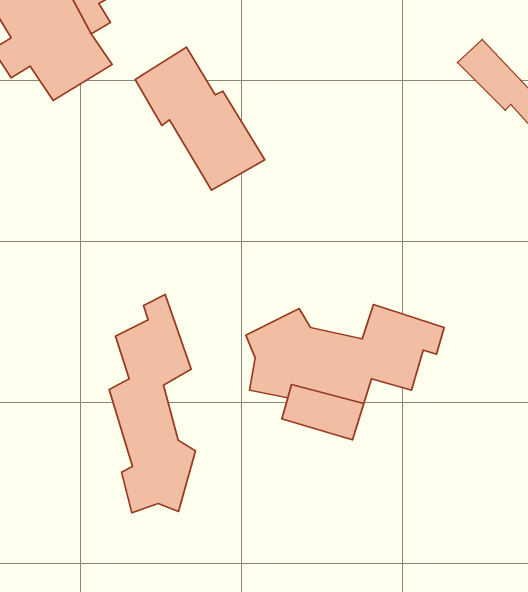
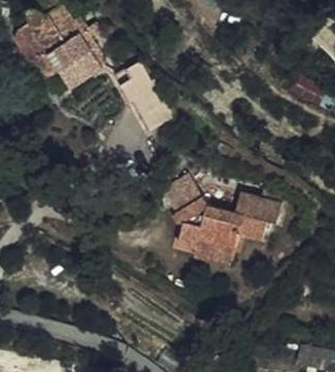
building: [109,295,195,513] -> none

